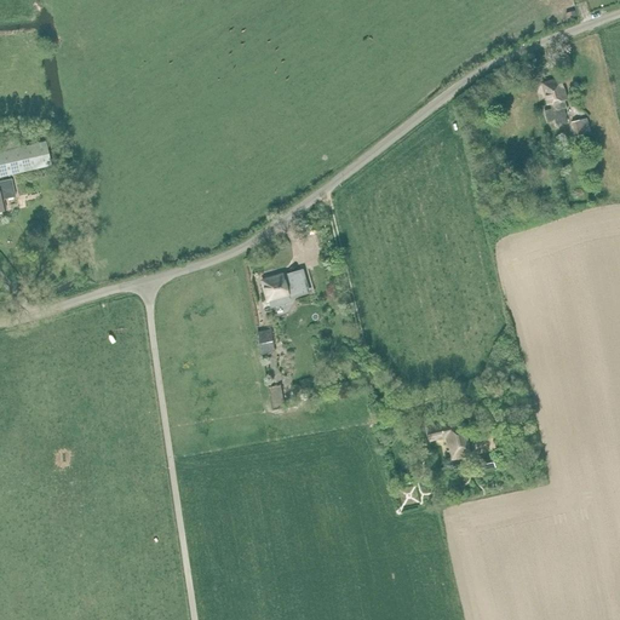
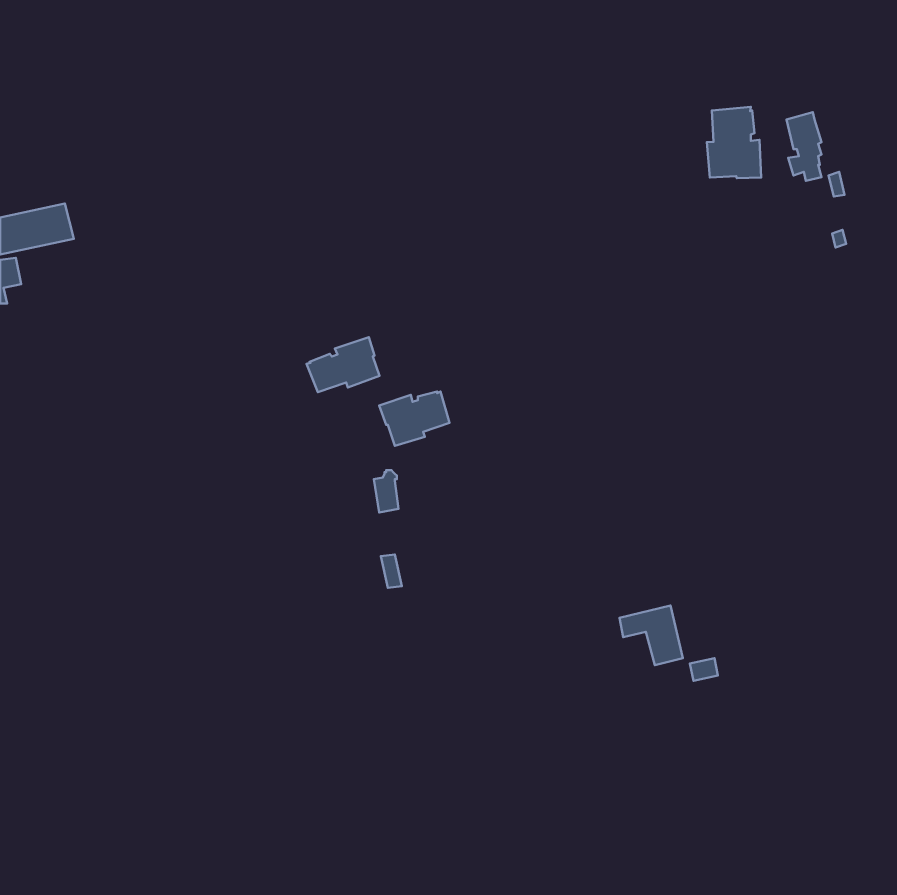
building: none -> [707,107,761,178]
building: none -> [306,337,379,392]

